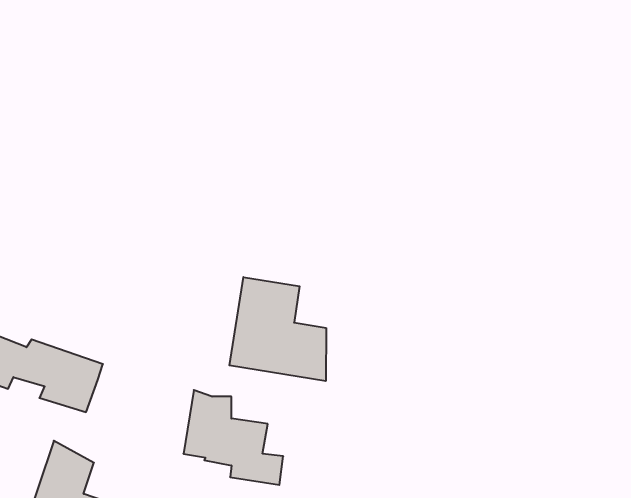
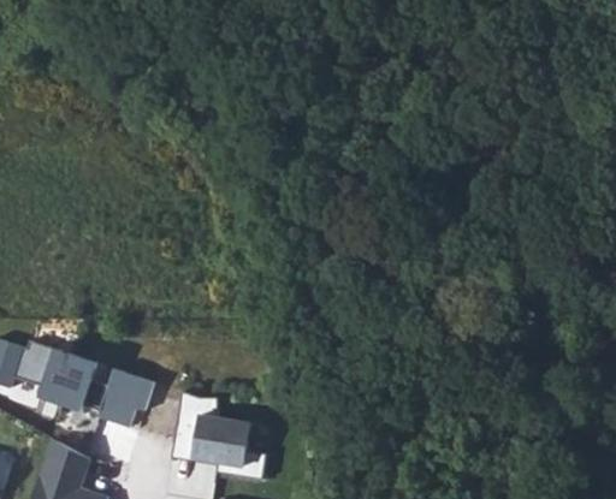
building: [229,277,326,381] -> none
building: none -> [83,370,154,428]

